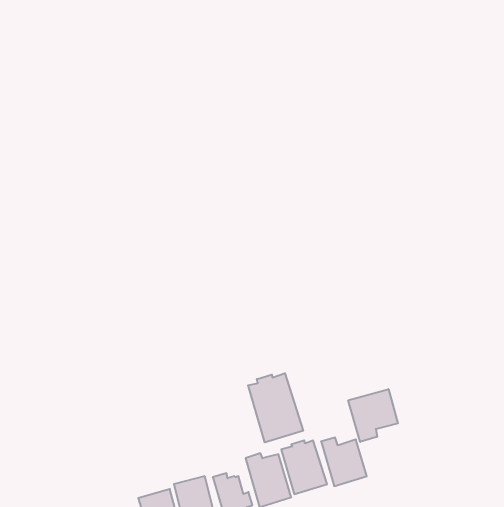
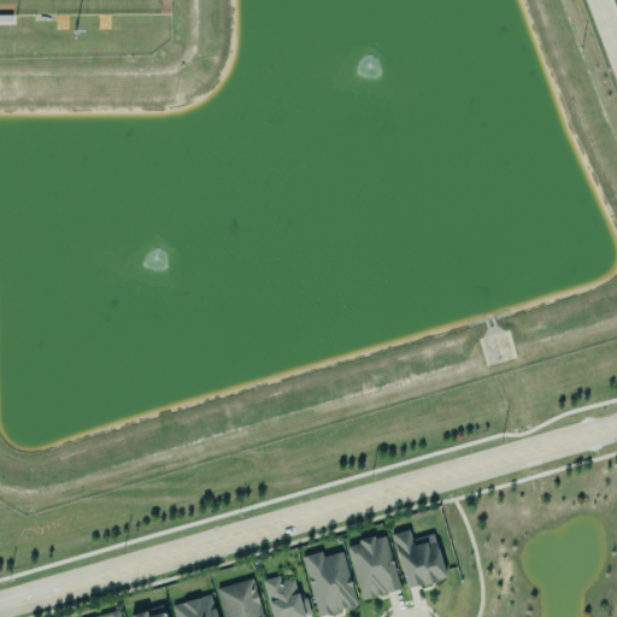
building: [248,373,303,442] -> none
building: [348,389,398,442] -> none

